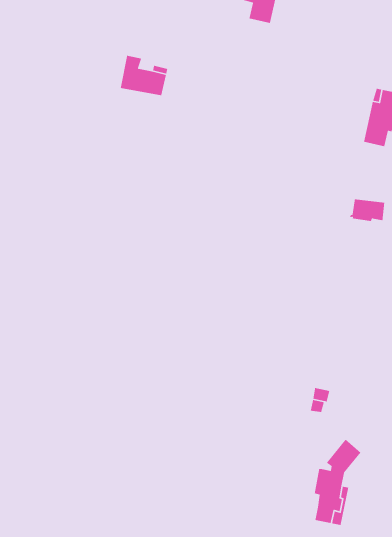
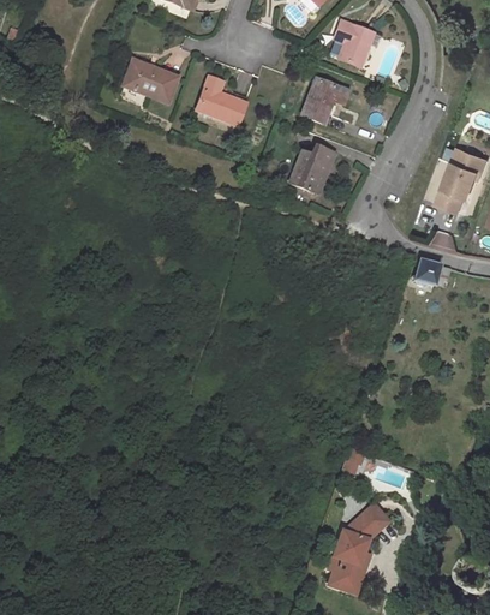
building: none -> [301,77,348,123]
building: none -> [124,59,178,101]
building: none -> [289,144,335,193]

